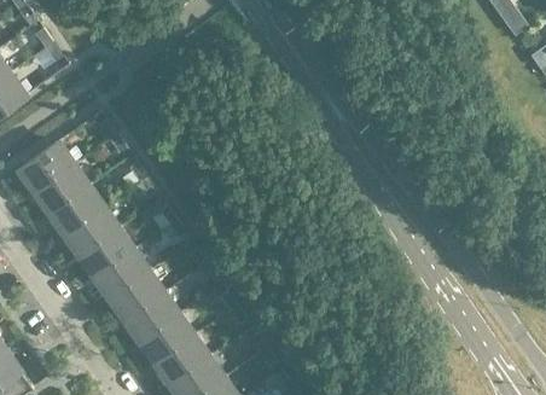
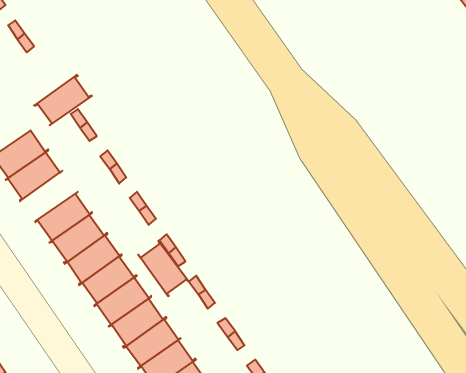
building: [47,184,106,236] -> [34,75,92,125]
building: none -> [138,241,189,296]

